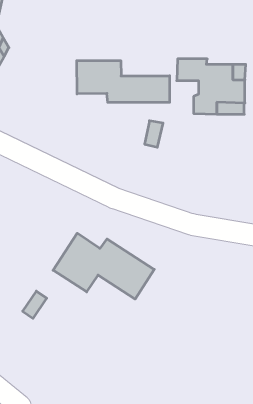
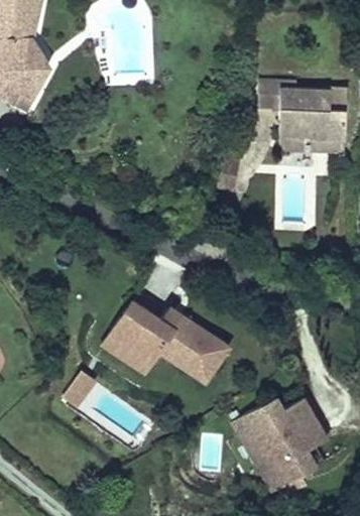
building: [77,61,170,102] -> none
building: none -> [232,396,328,493]

